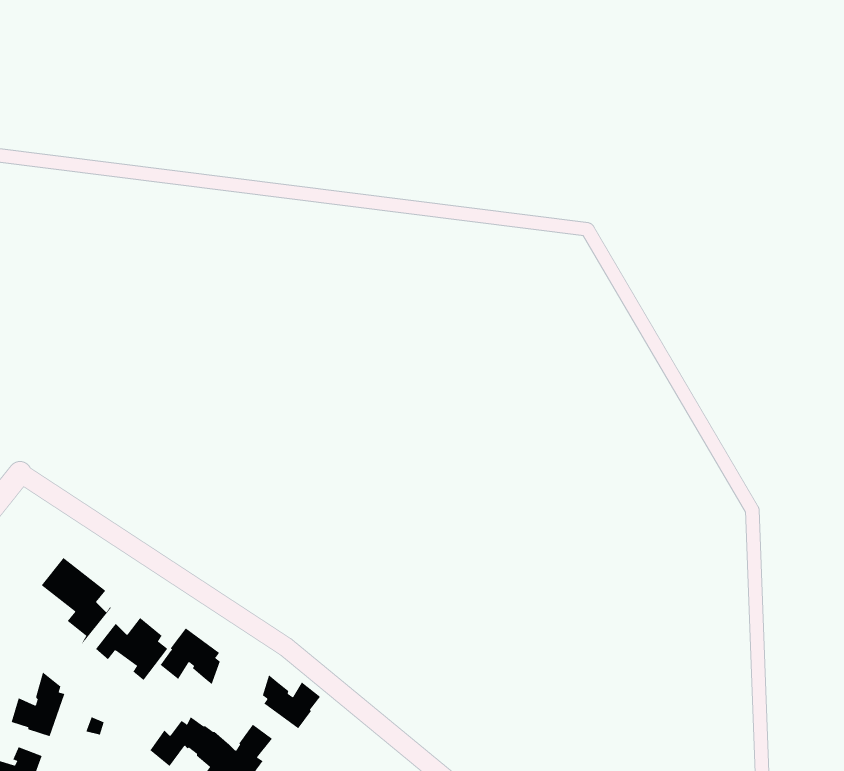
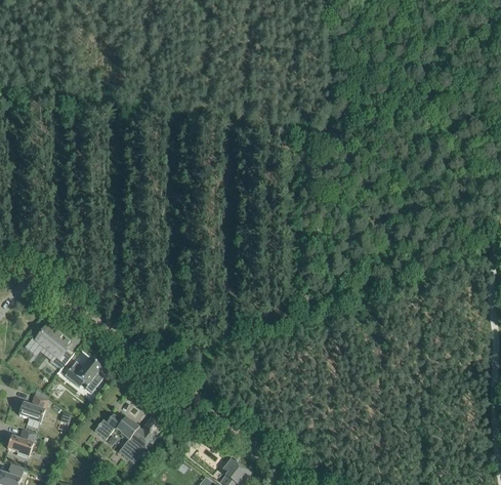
building: [160,628,220,685] -> none
building: [262,674,321,729] -> none

